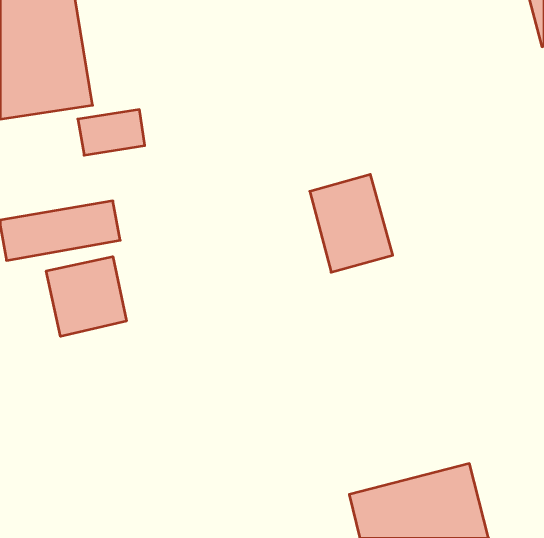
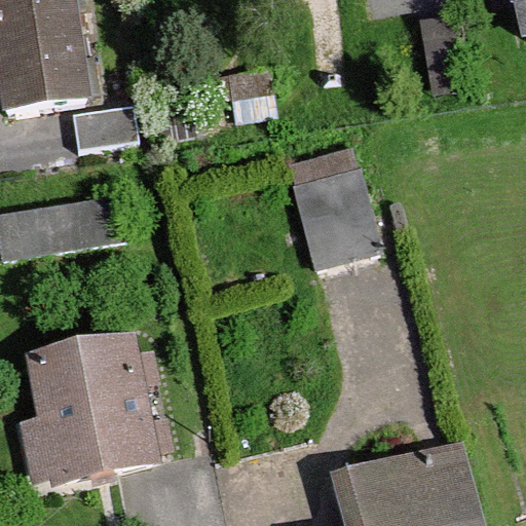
building: [46,257,126,336] -> none
building: none -> [28,337,160,483]

